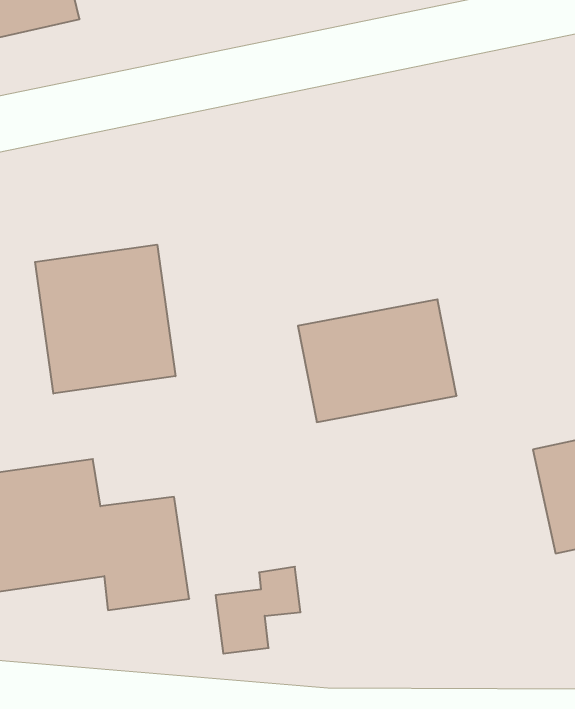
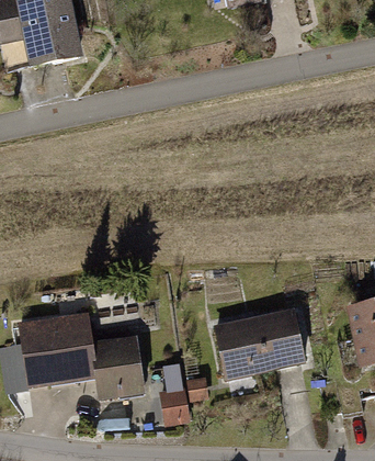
building: [35,245,175,394] -> none
building: [298,299,457,422] -> [213,306,305,378]

